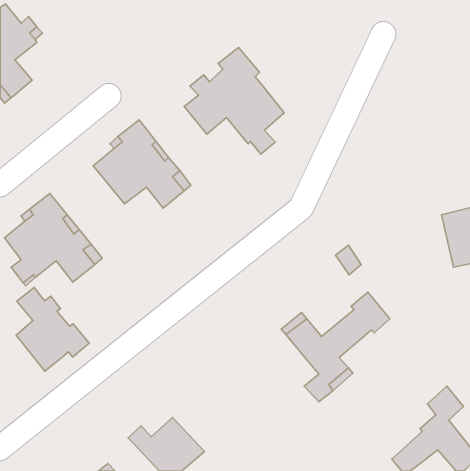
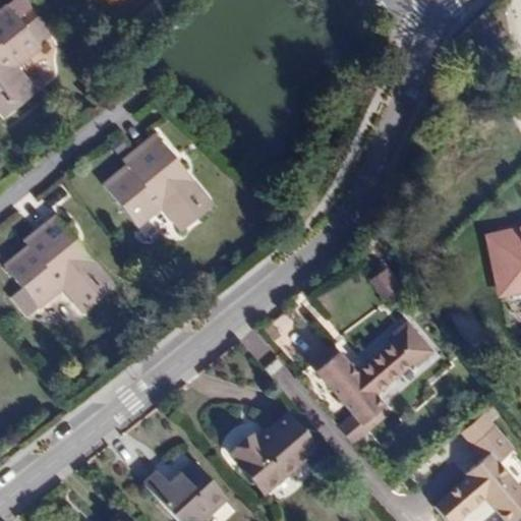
building: [184,47,284,154] -> none
building: [16,287,89,371] -> none
building: none -> [229,415,315,494]

